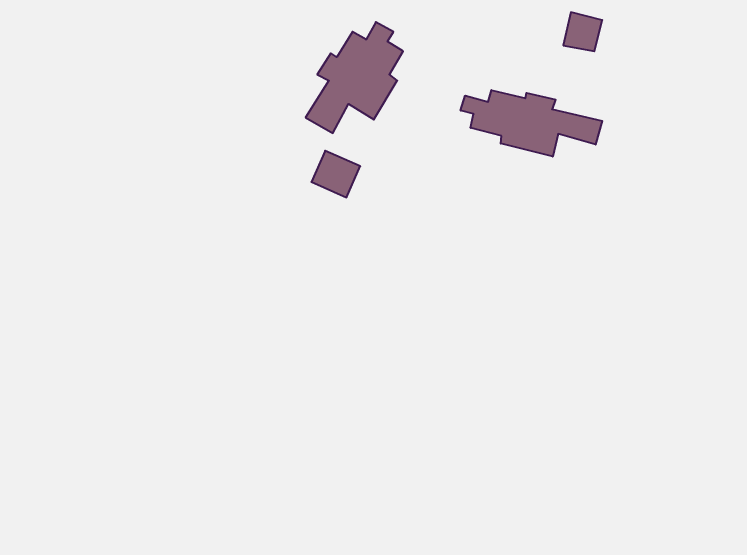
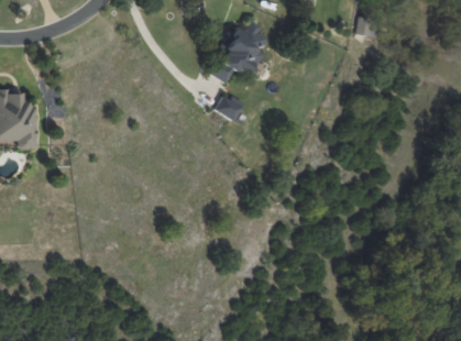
building: [461,90,602,157] -> none

